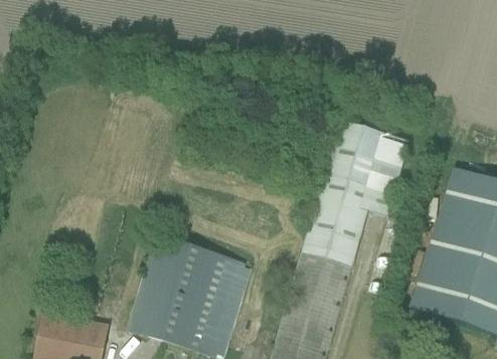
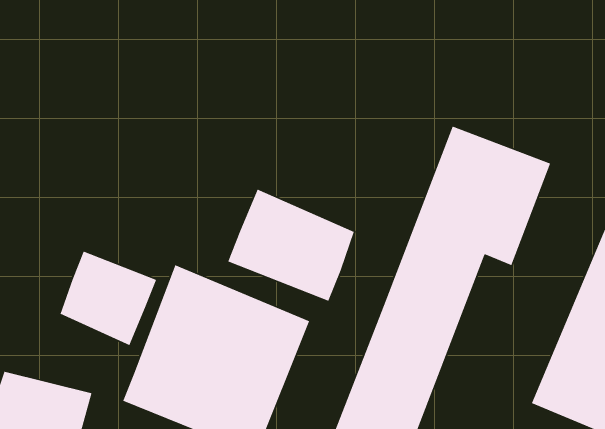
building: none -> [227,188,355,302]
building: none -> [59,251,157,346]

